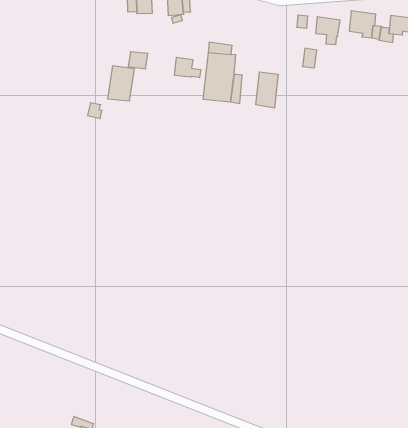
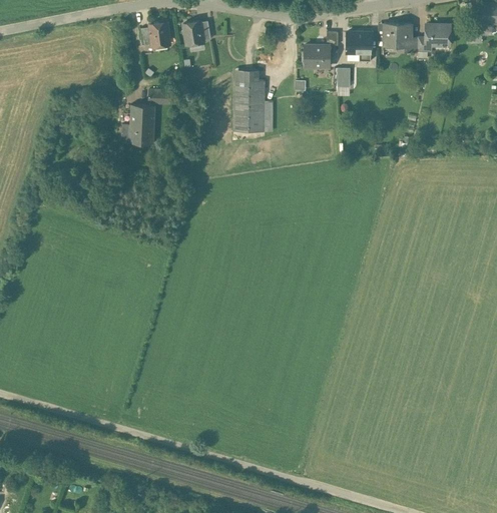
building: none -> [305,44,331,66]
building: [174,57,201,78] -> none
building: [256,72,278,108] -> none

